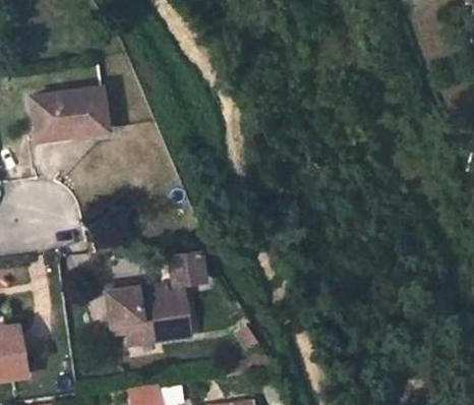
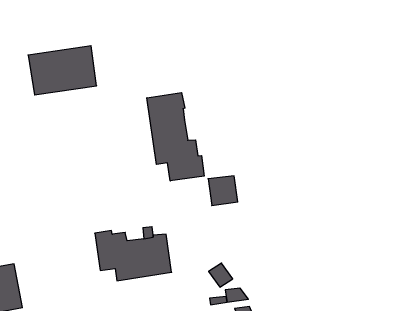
building: none -> [147,93,204,181]
building: [174,252,206,285] -> [208,176,238,206]

